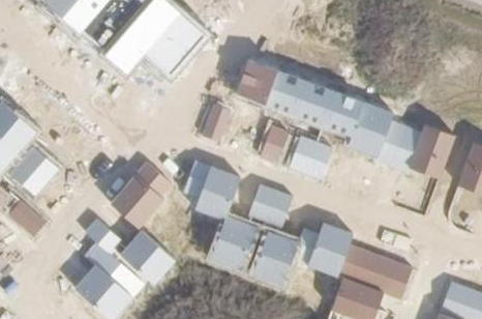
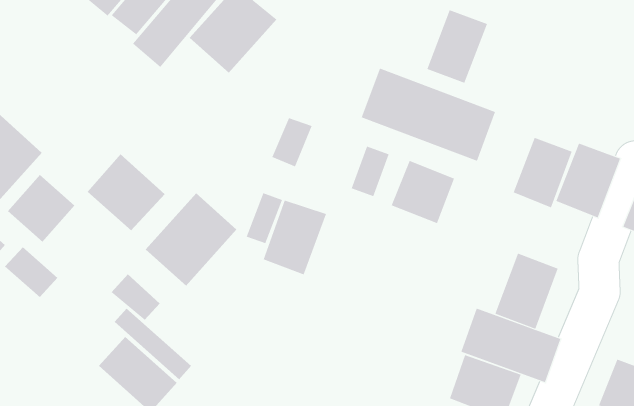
building: [235,58,277,104] -> none
building: [349,103,393,156] -> [427,10,488,83]
building: none -> [87,154,165,231]
building: [248,184,294,229] -> none
building: [211,215,255,269] -> none
building: [306,222,353,278] -> [495,253,559,330]
building: [119,230,175,285] -> none
building: [251,231,296,286] -> none

